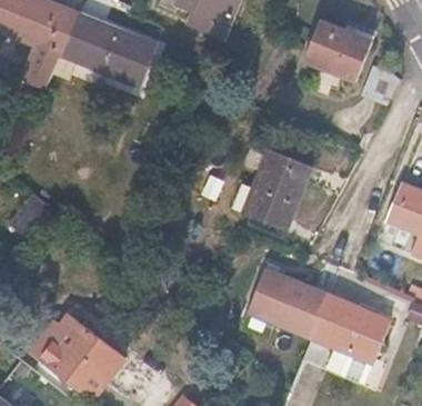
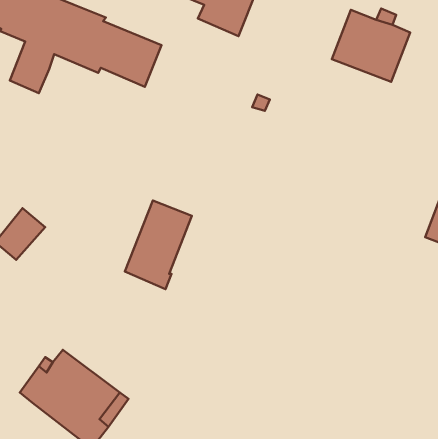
building: [249,150,308,228] -> [125,201,192,289]
building: [250,270,391,364] -> none

